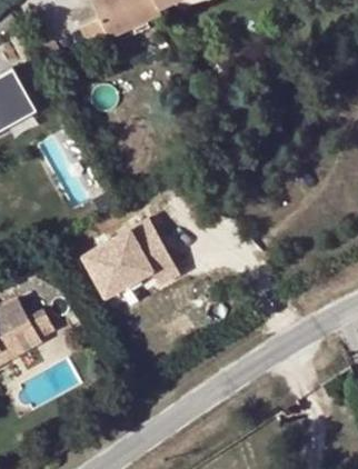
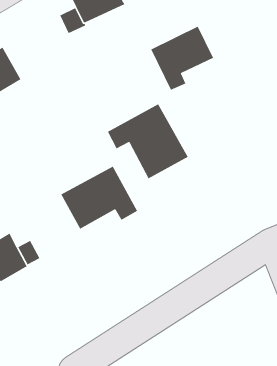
building: none -> [150,25,214,91]
building: none -> [107,103,189,179]

